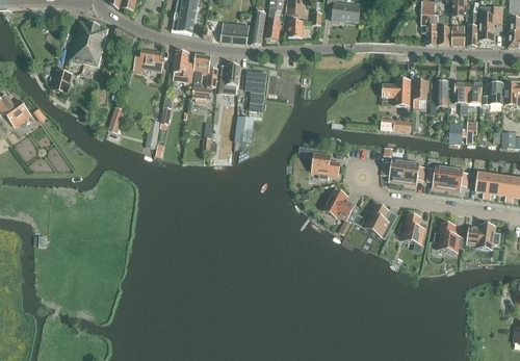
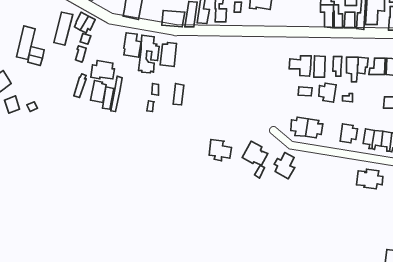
building: [70,21,94,63] -> [16,26,35,59]
building: [133,49,163,72] -> [91,61,115,79]
building: [243,71,265,111] -> none
building: none -> [90,80,106,103]
building: [312,152,340,179] -> [209,139,232,161]
building: [427,164,449,188] -> [319,83,336,102]
building: [399,214,424,244] -> none
building: [434,223,460,252] -> none

